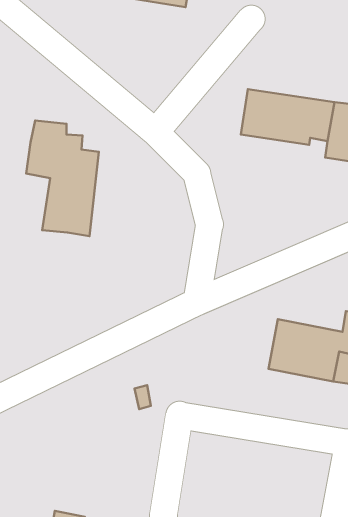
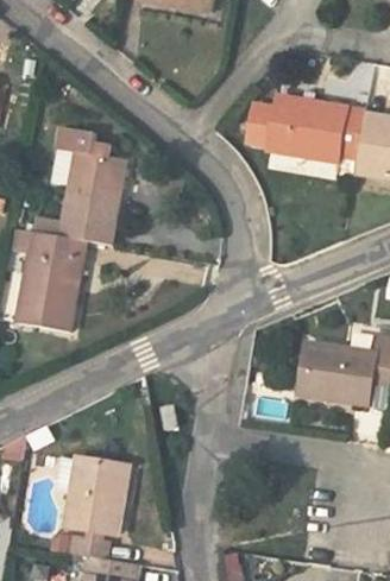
building: none -> [27,241,88,335]
building: none -> [70,459,125,530]

